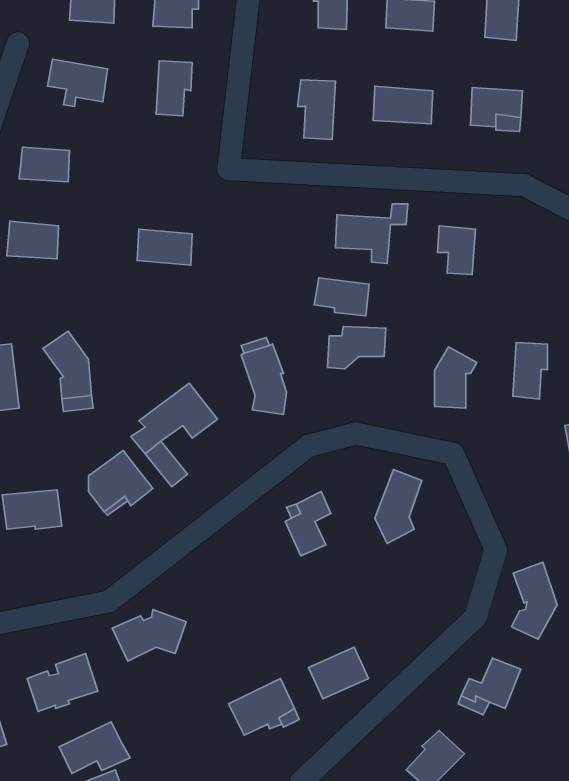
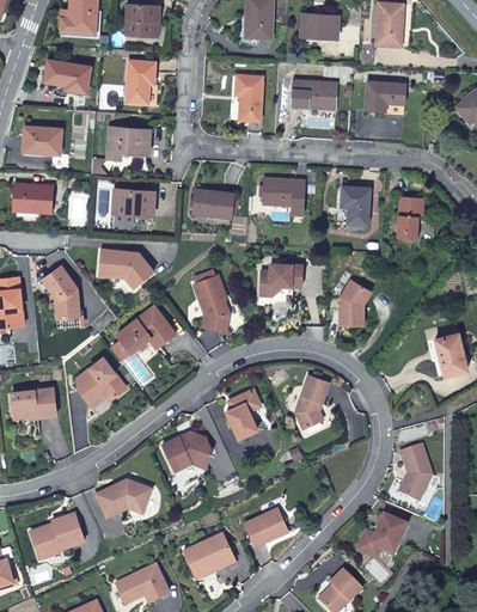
building: none -> [108,127,149,159]
building: [314,278,369,316] -> [192,189,234,218]
building: none -> [97,249,153,288]
building: [513,343,547,399] -> [397,196,423,239]
building: none -> [159,432,209,471]
building: [59,722,130,774] -> [115,564,169,604]

